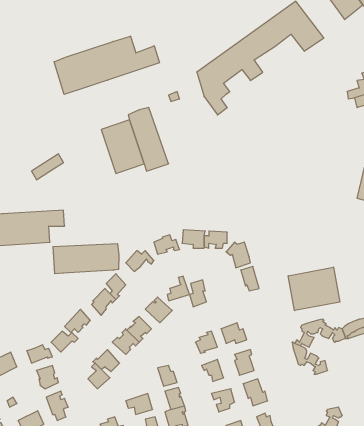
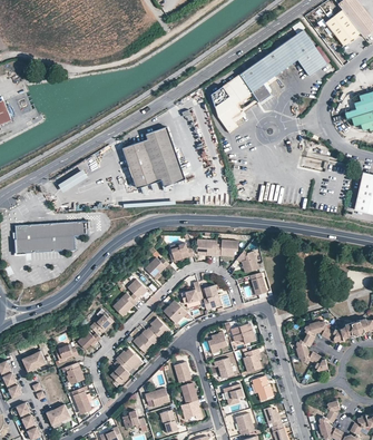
building: [54,36,159,94] -> none
building: [53,244,119,274] -> none
building: [288,267,340,311] -> none

